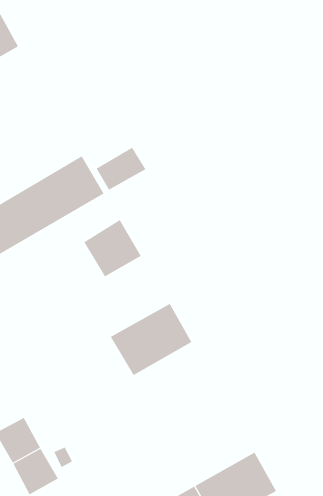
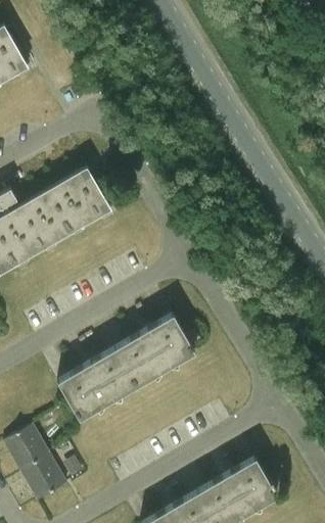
building: [96,147,146,190] -> none
building: [84,219,142,277] -> none
building: none -> [58,347,138,419]

